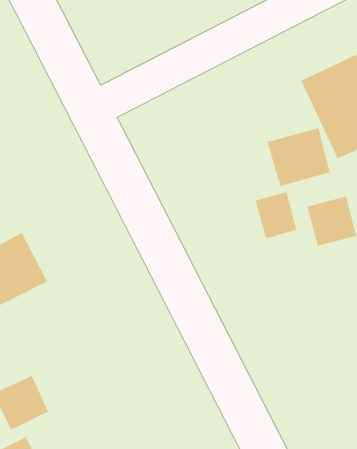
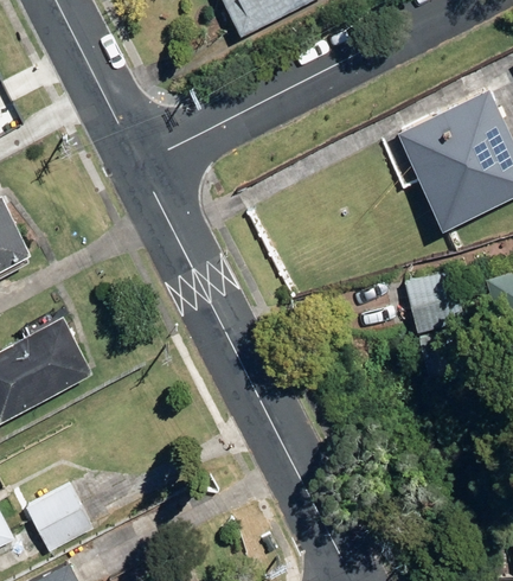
building: [267,128,330,187] -> none
building: [255,192,297,239] -> none

